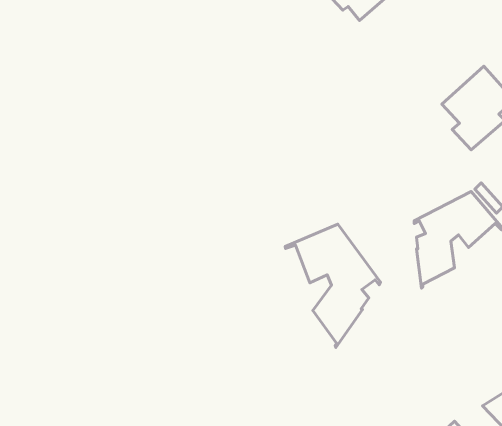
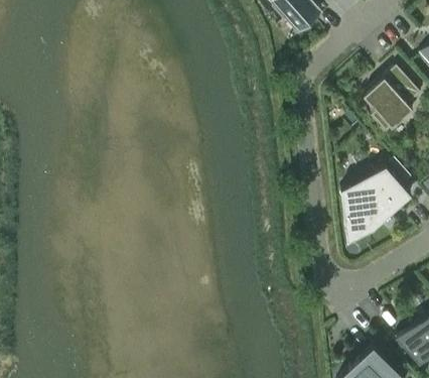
building: [285,224,380,348] -> none

